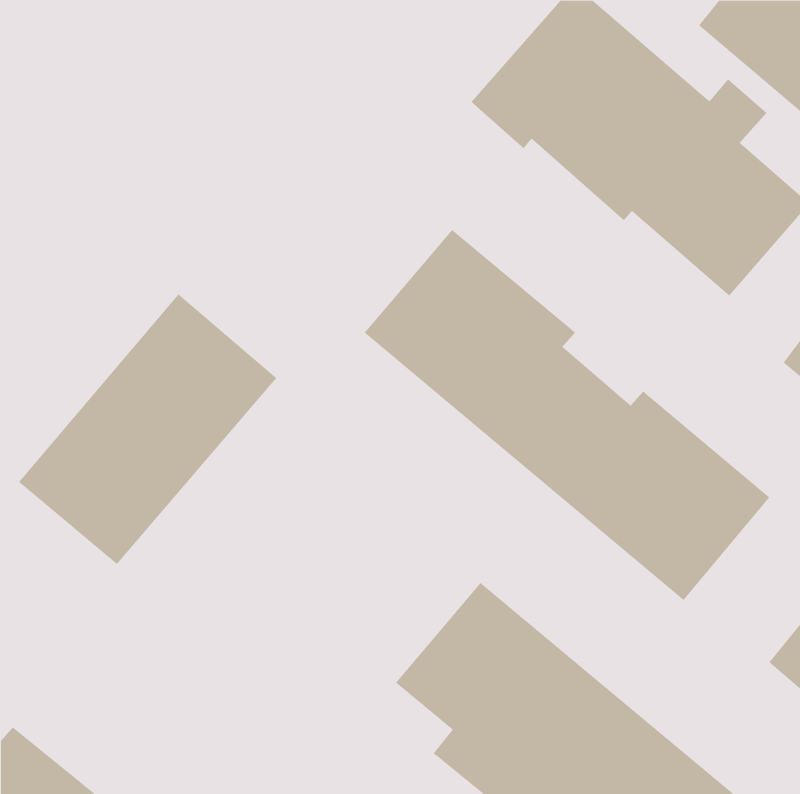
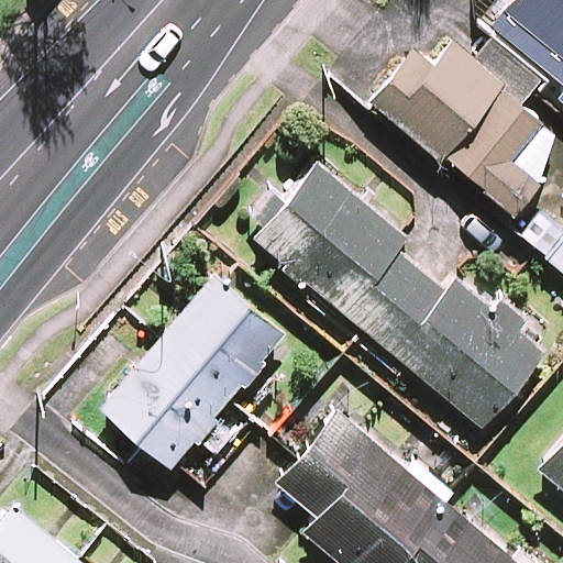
building: [18,293,277,565] -> [102,277,284,467]

